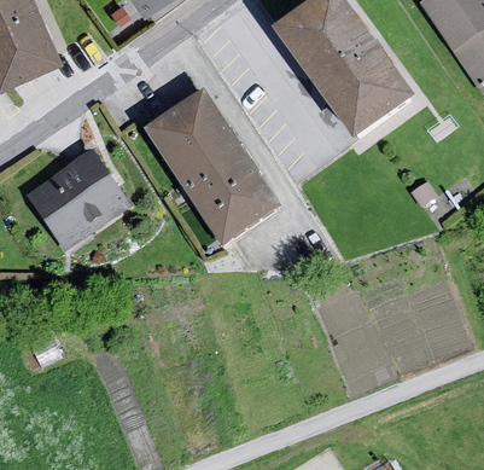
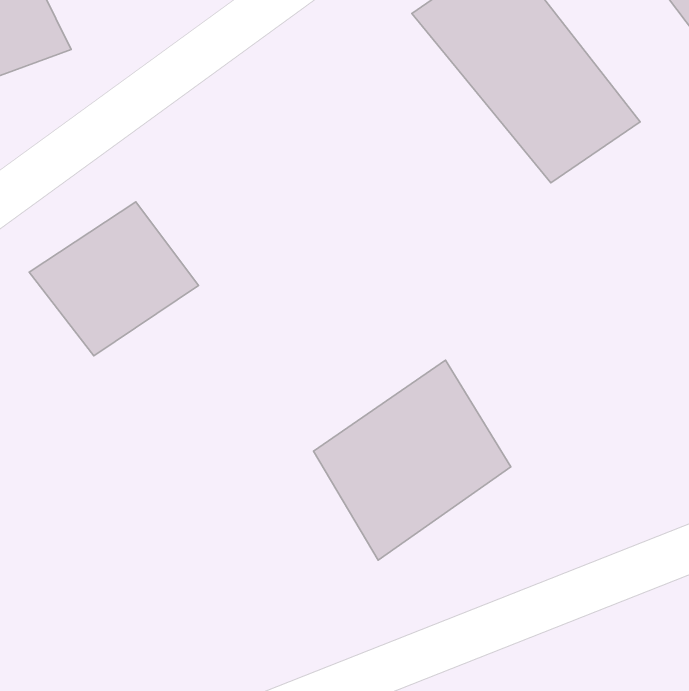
building: [142,91,280,242] -> none
building: none -> [314,360,511,560]

